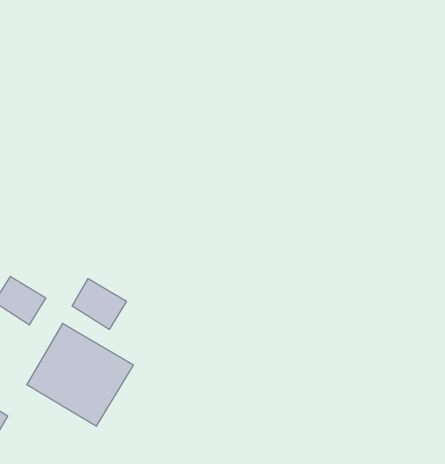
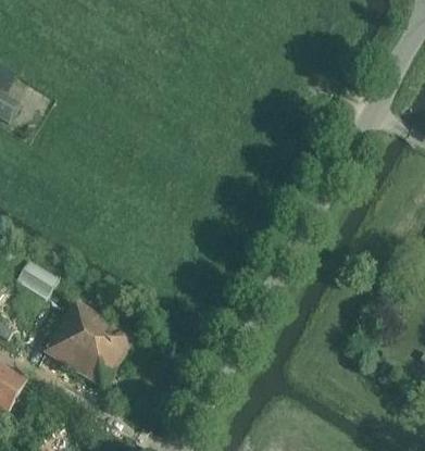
building: [72,279,127,329] -> none

